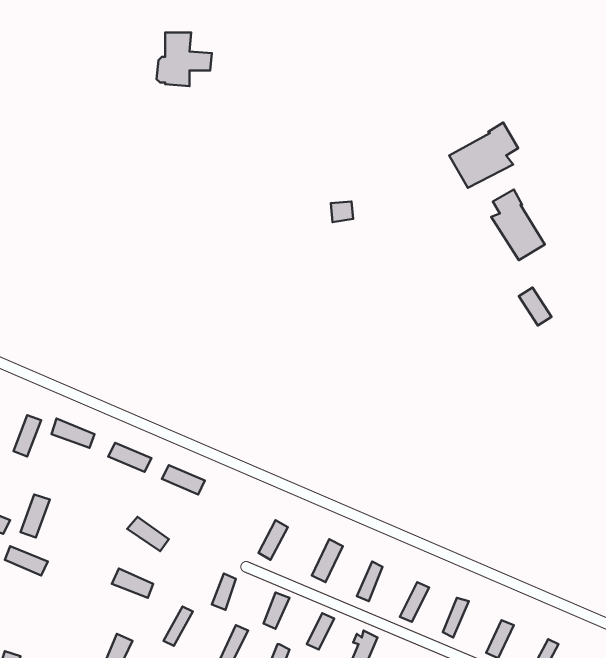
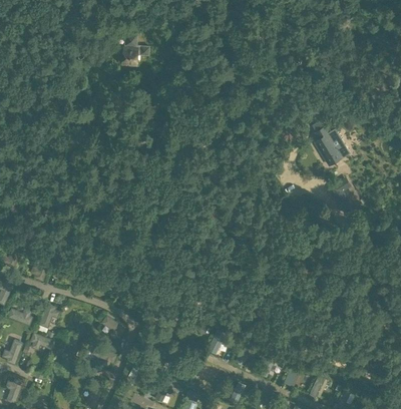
building: [449,123,518,188] -> none

